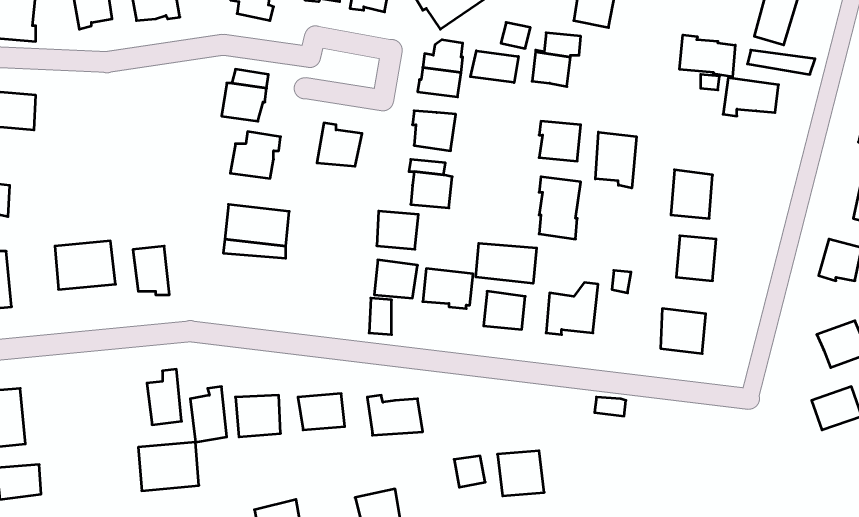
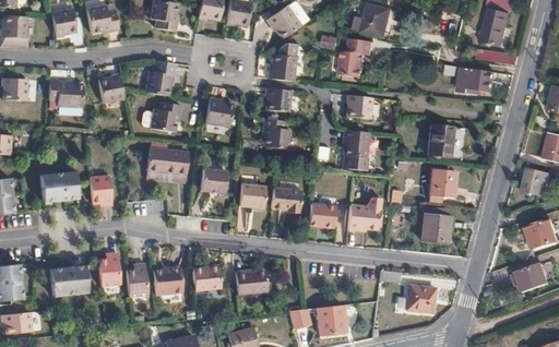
building: [680,35,735,77] -> none
building: [470,51,518,83] -> none
building: none -> [97,72,122,101]
building: none -> [48,79,82,107]
building: [595,132,636,188] -> none
building: [377,211,418,249] -> [200,167,226,191]
building: [476,243,537,283] -> none
building: none -> [406,283,435,310]
building: [138,442,199,491] -> [48,265,86,296]

